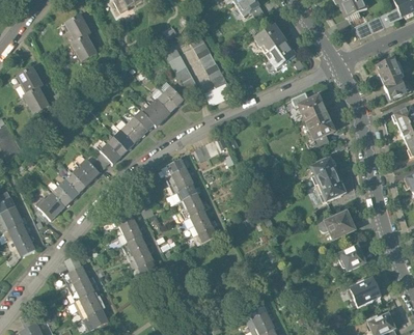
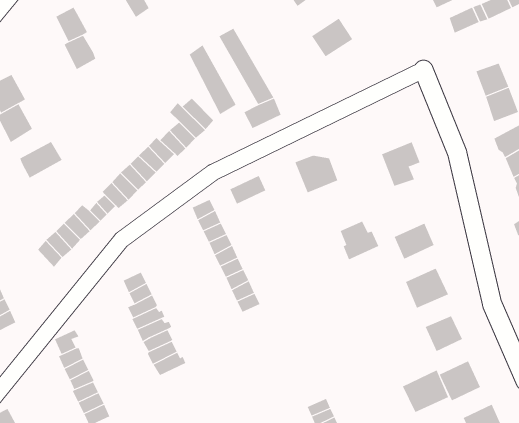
building: [265,39,296,68] -> none
building: [297,96,329,124] -> [295,155,338,193]
building: none -> [19,141,62,178]
building: [309,157,338,186] -> [340,221,379,260]
building: [35,195,64,222] -> none
building: none -> [402,370,449,413]

